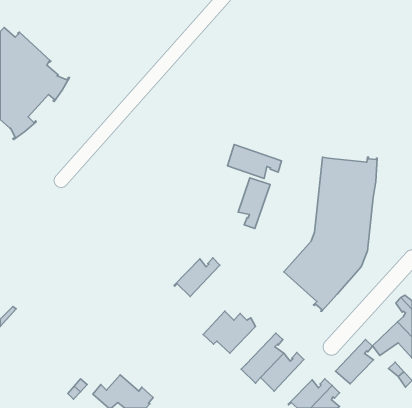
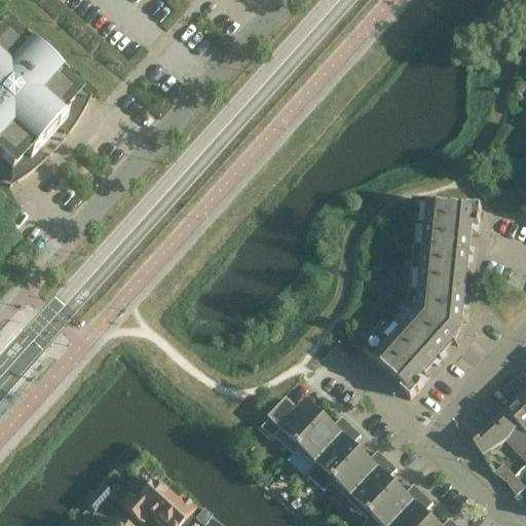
building: [227,144,282,178] -> none
building: [238,178,270,228] -> none
building: [174,258,220,297] -> [293,415,351,464]
building: [336,340,373,384] -> [349,458,398,515]

